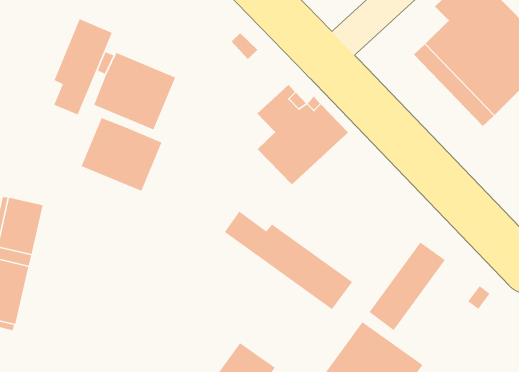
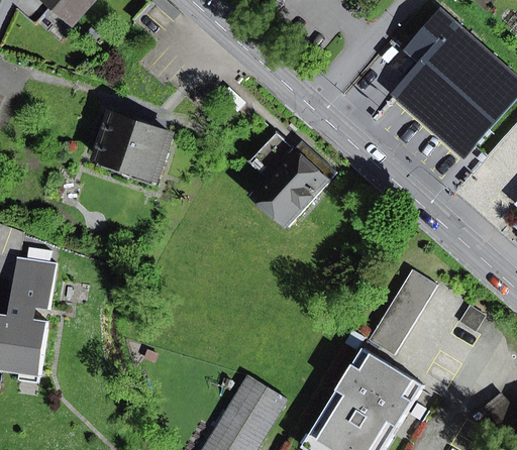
building: [53,18,113,115] -> none
building: [81,117,162,192] -> none
building: [224,211,353,310] -> none
building: none -> [400,278,467,364]

